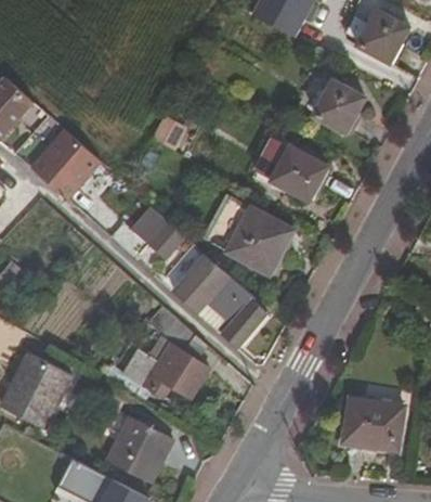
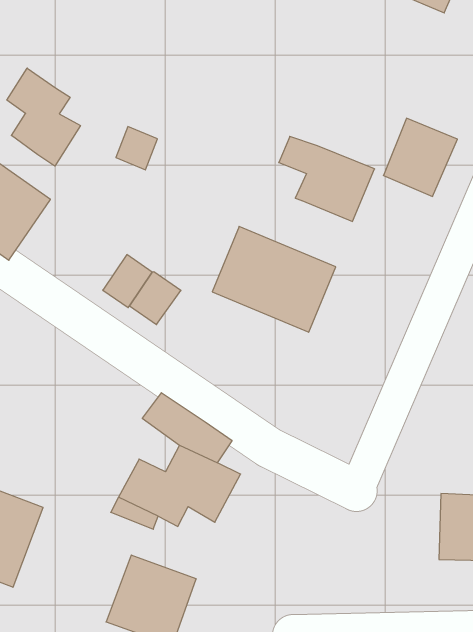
building: none -> [7,68,80,166]
building: [312,78,366,134] -> [383,118,457,196]
building: [172,254,270,349] -> none

